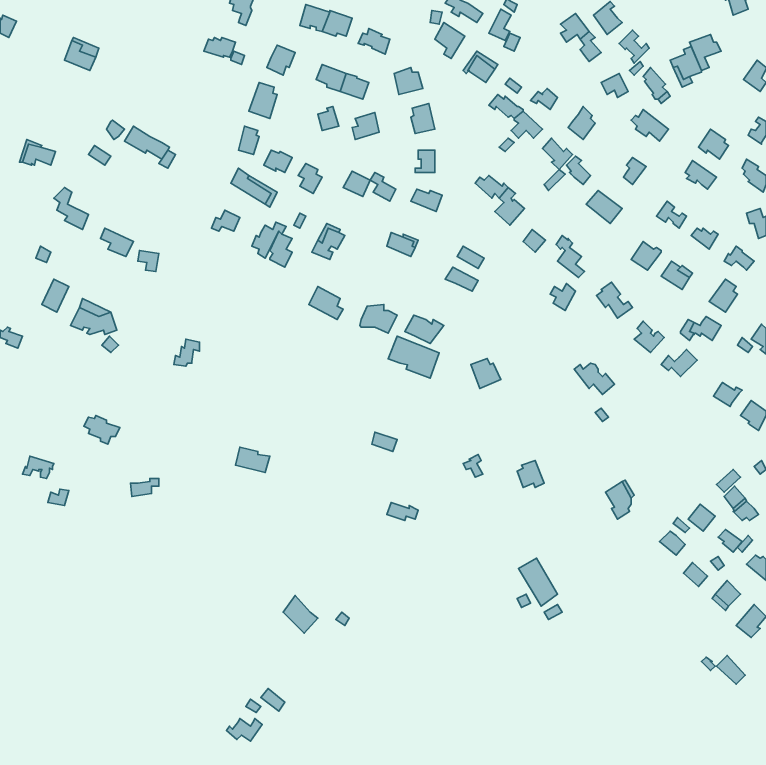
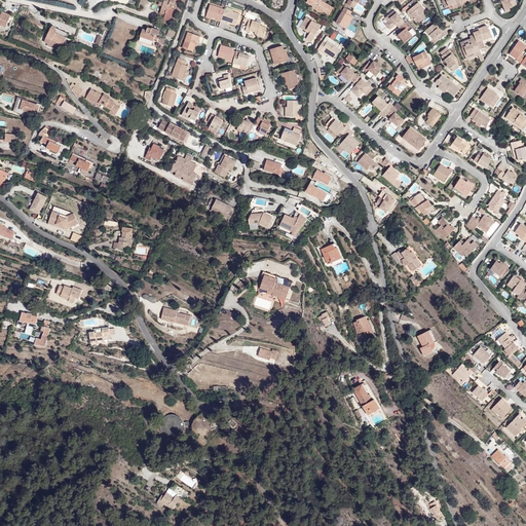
building: [388,336,439,378] -> [261,270,296,299]

